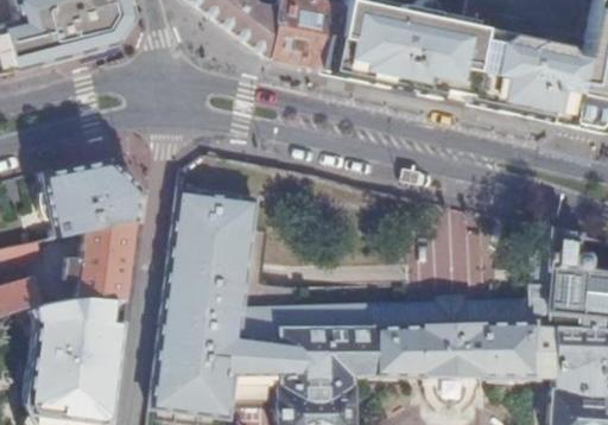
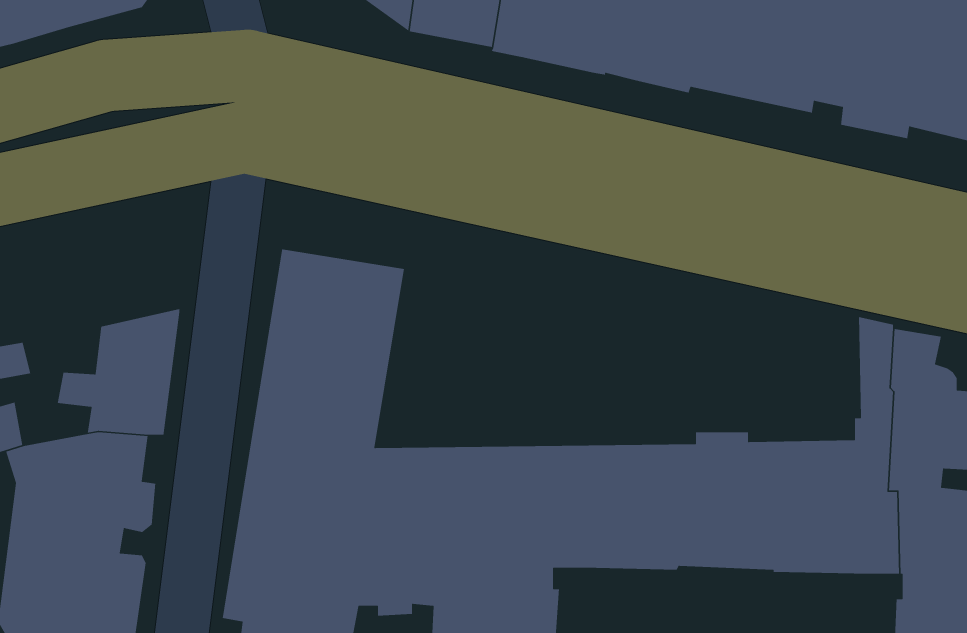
building: [39,160,137,237] -> none

